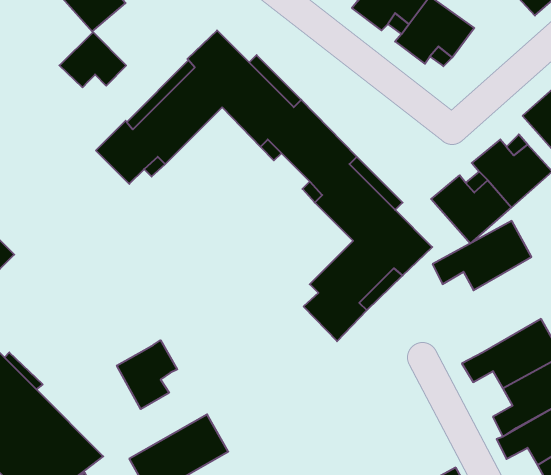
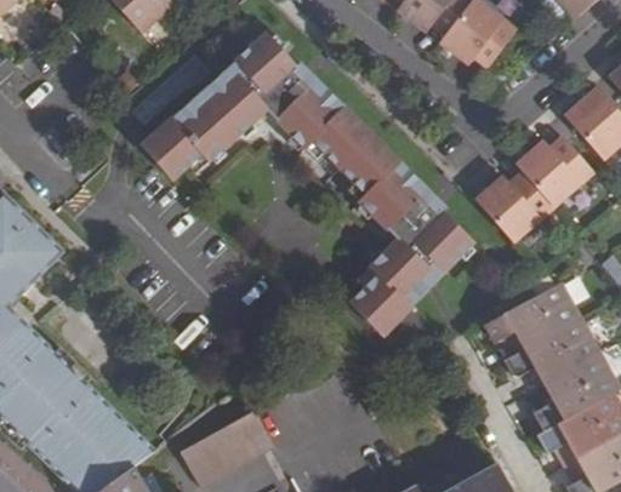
building: [59,32,126,87] -> none
building: [433,221,531,290] -> [484,279,581,347]
building: [117,340,177,409] -> none

